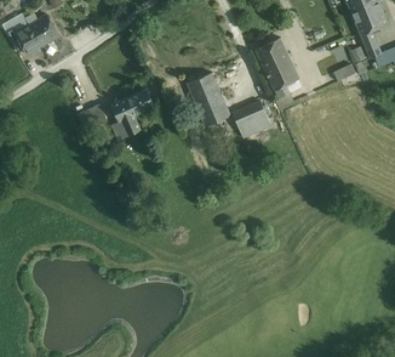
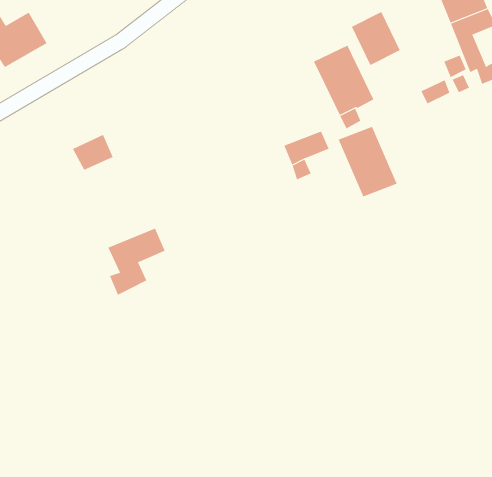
building: none -> [351,11,401,66]
building: [187,73,230,125] -> [338,126,397,197]
building: [111,89,154,138] -> [108,228,165,295]

